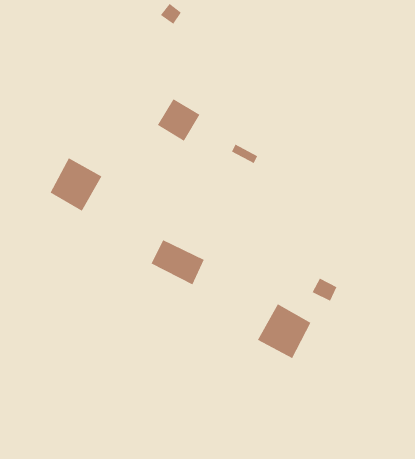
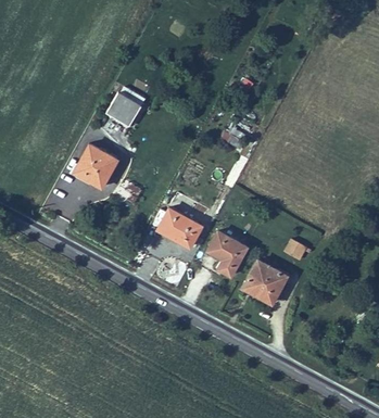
building: [157,98,200,142] -> [106,94,141,129]
building: none -> [209,231,245,274]

